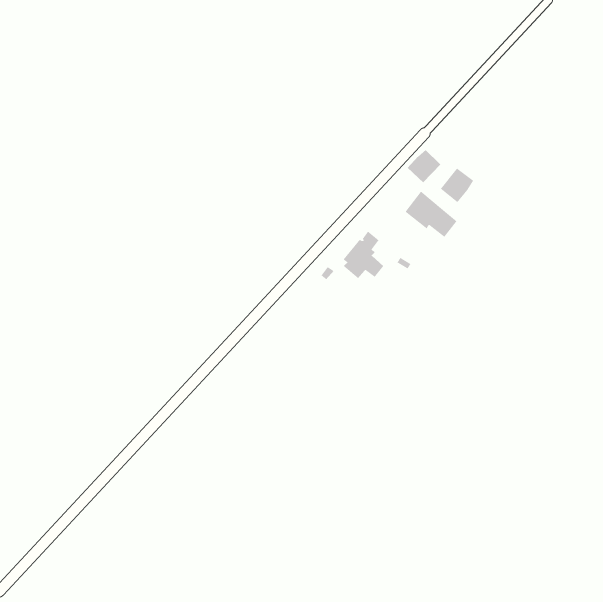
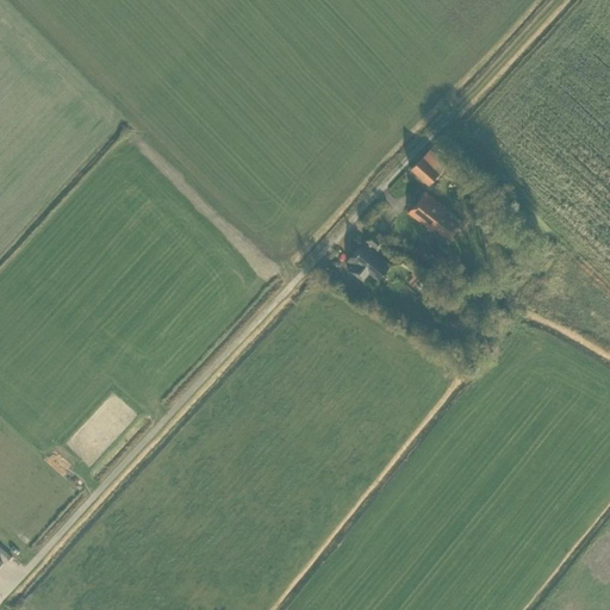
building: [440,167,474,203] -> none

